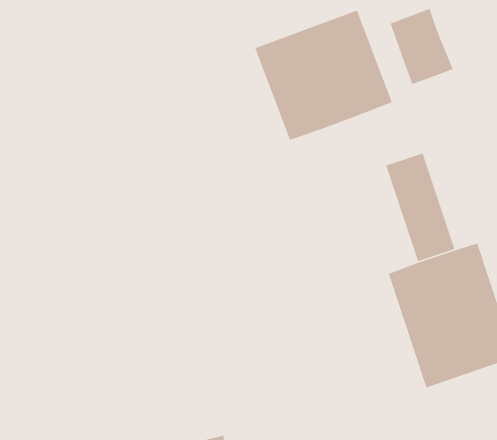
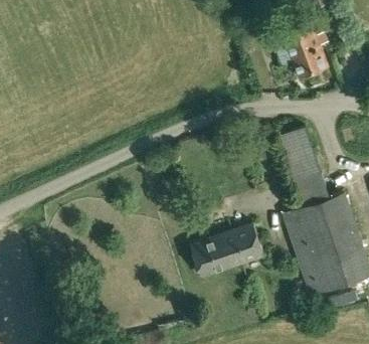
building: [254,10,393,141] -> none
building: none -> [190,223,265,279]

